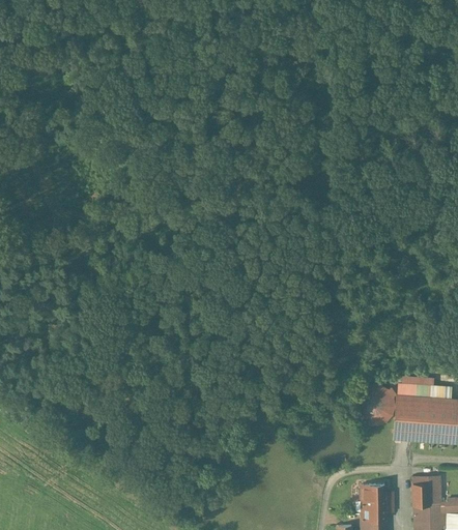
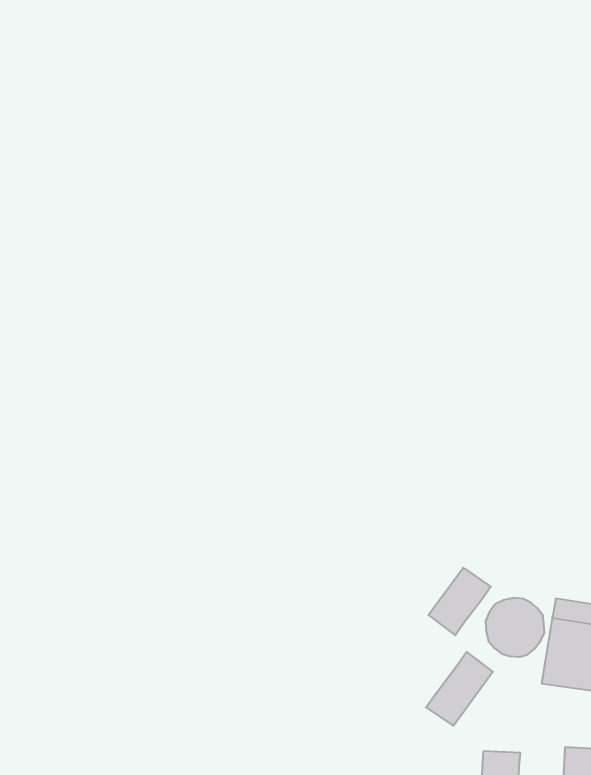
building: none -> [429,568,491,635]
building: none -> [426,652,493,726]

